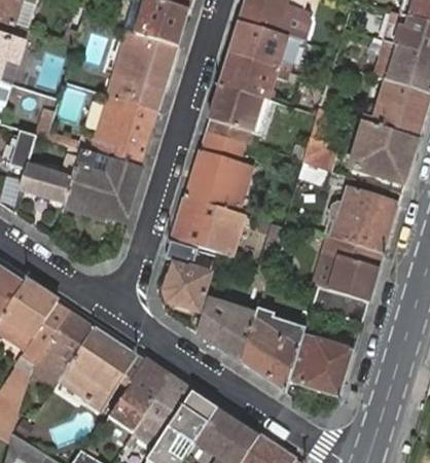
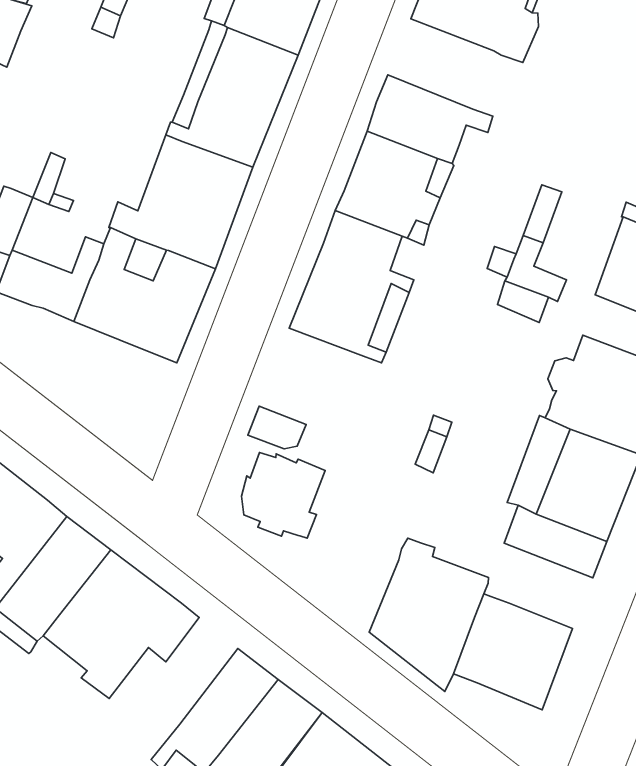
building: [227,21,290,71] -> none
building: [171,197,242,256] -> none
building: [195,298,254,361] -> none
building: [115,360,168,427] -> none

